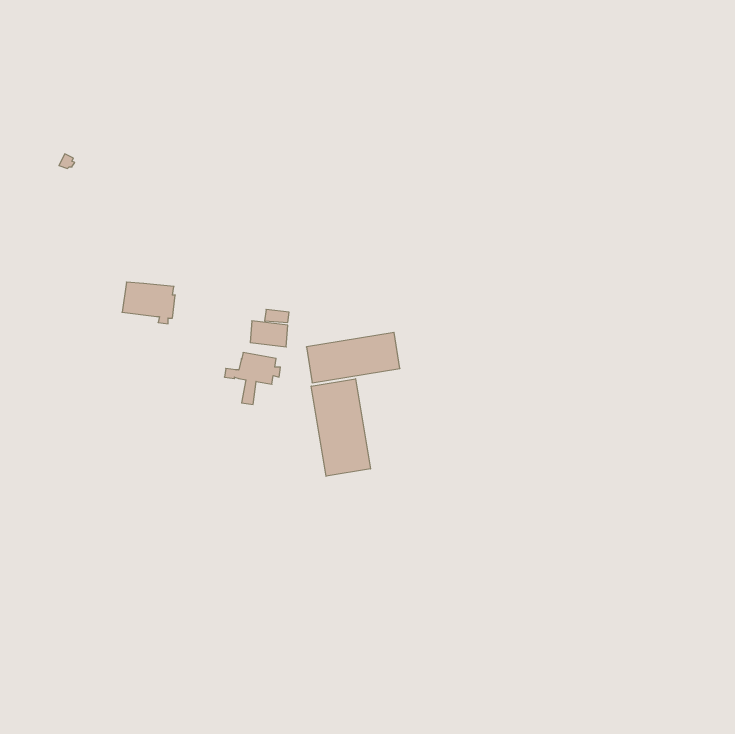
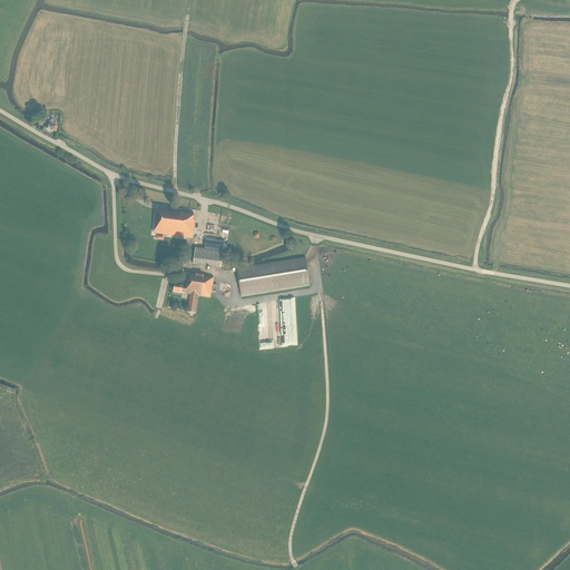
building: [122,282,175,324] -> [154,209,195,242]
building: [311,379,370,476] -> none

